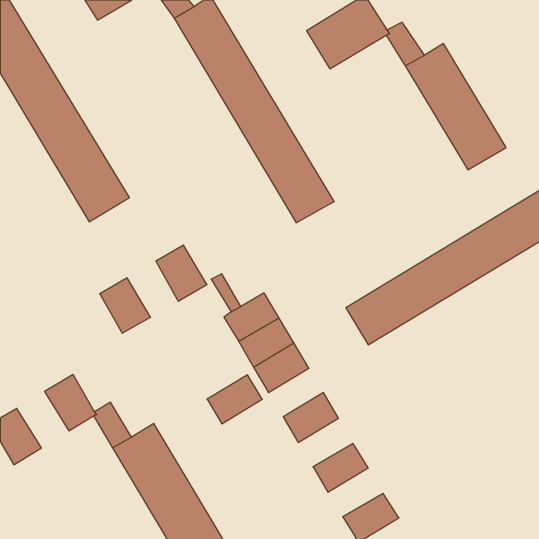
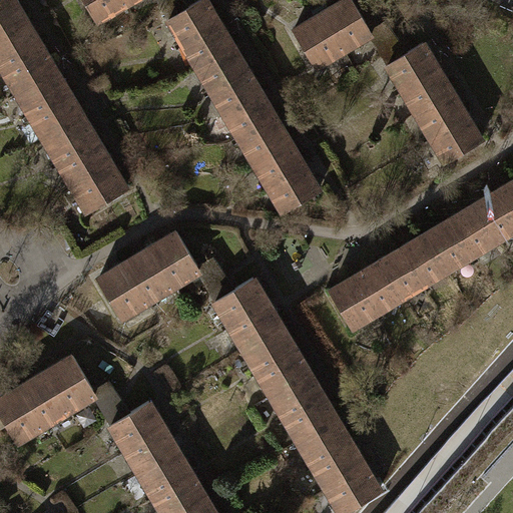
building: none -> [123,249,171,303]
building: [207,375,262,424] -> [256,351,309,397]
building: none -> [19,373,68,426]
building: none -> [285,398,337,444]
building: none -> [313,445,365,491]

